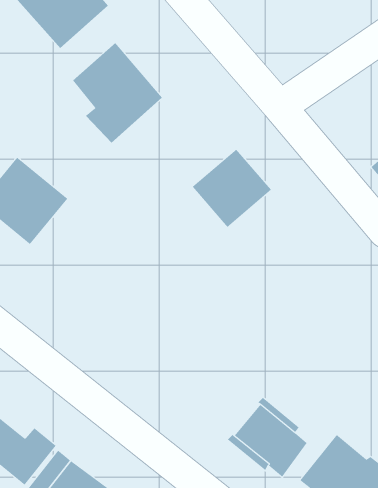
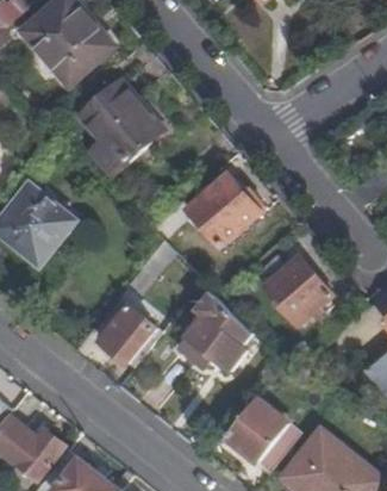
building: none -> [252,255,330,324]
building: none -> [174,299,245,373]
building: none -> [99,304,161,366]

